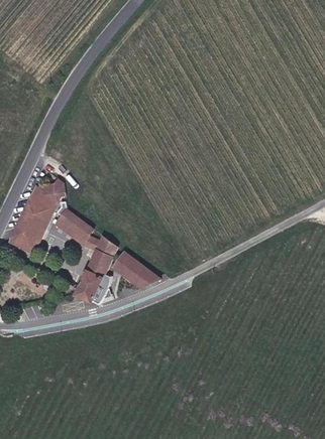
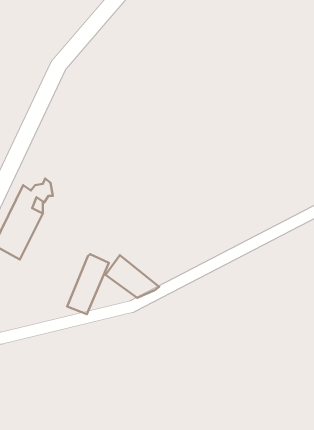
building: [55,204,117,257] -> none

